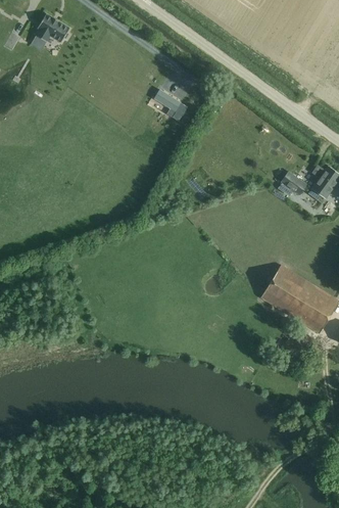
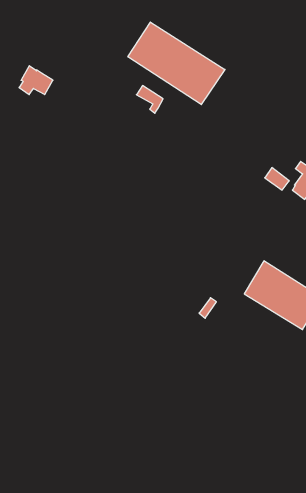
building: [36,13,69,42] -> [19,66,53,95]
building: none -> [128,22,225,105]

